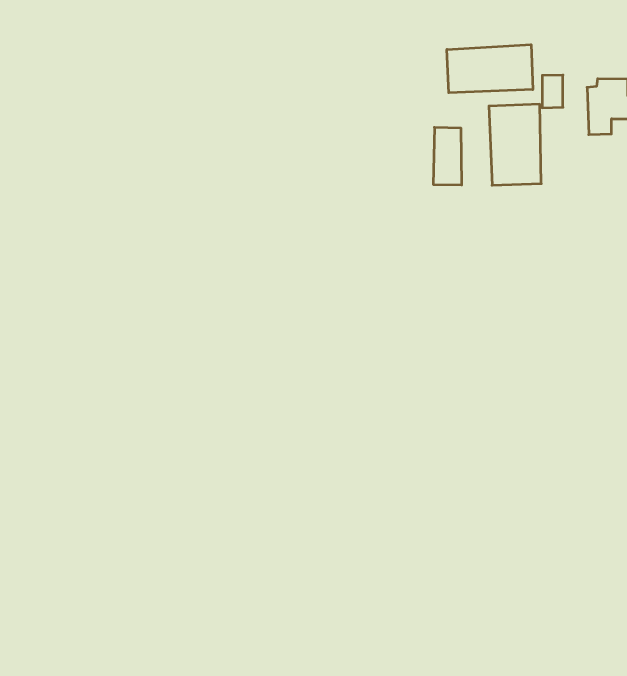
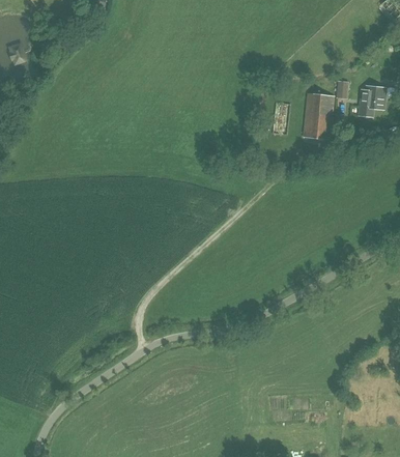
building: [447,45,533,93] -> none

